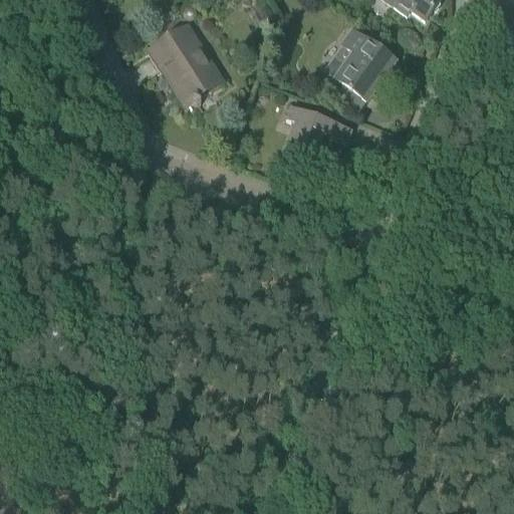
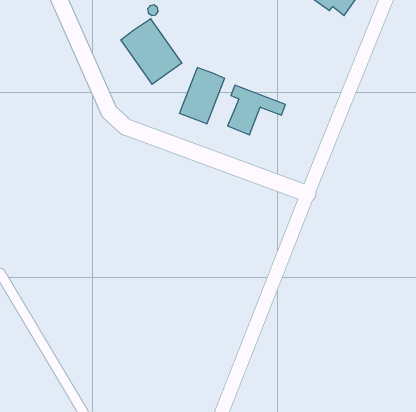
building: [322,28,395,96] -> none
building: none -> [180,68,224,124]

